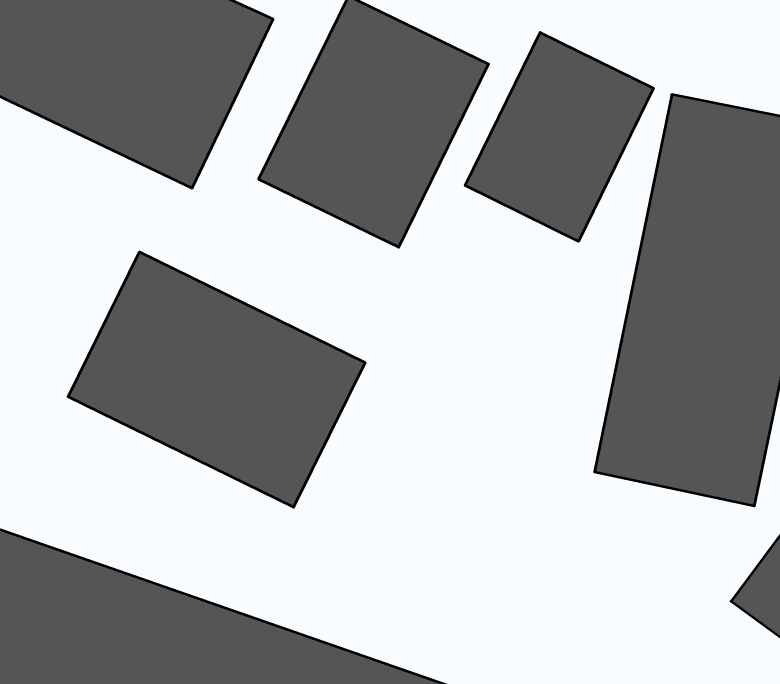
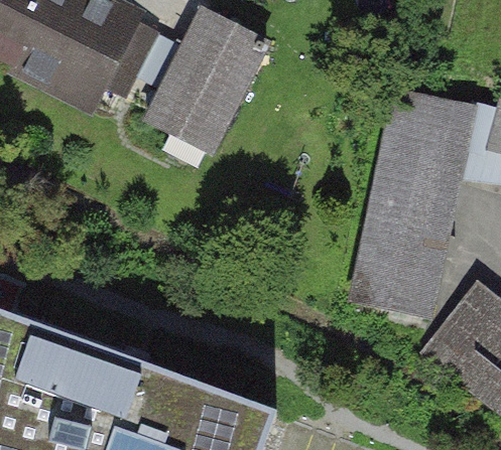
building: [465,32,653,241] -> none
building: [68,252,365,507] -> none

